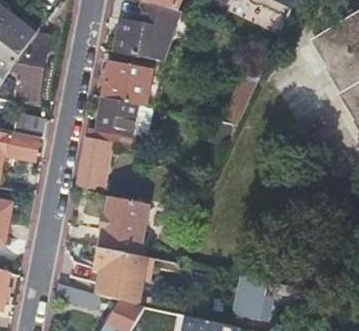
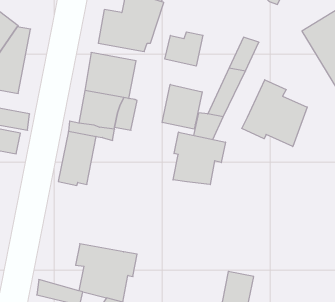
building: none -> [165,32,203,66]
building: none -> [242,80,307,147]
building: none -> [162,84,202,129]
building: none -> [173,132,225,185]
building: [96,196,148,255] -> none

